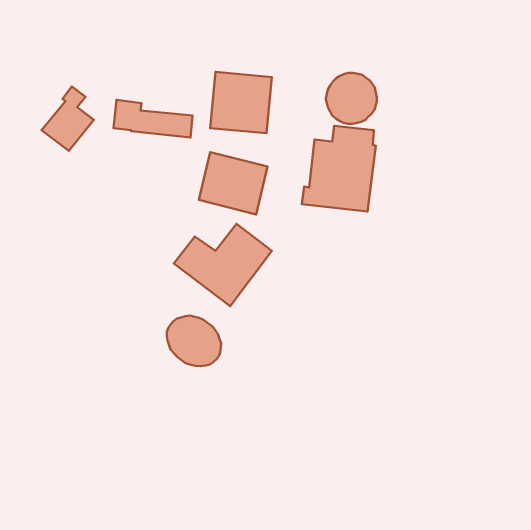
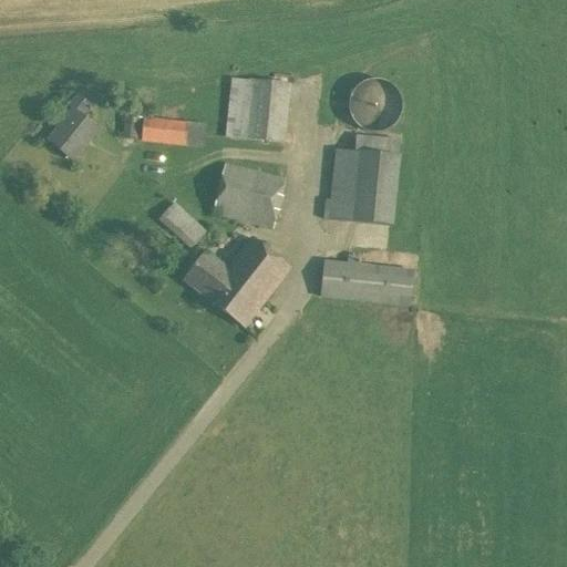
building: none -> [157,202,206,249]
building: none -> [317,255,410,306]
building: [167,316,221,366] -> none

